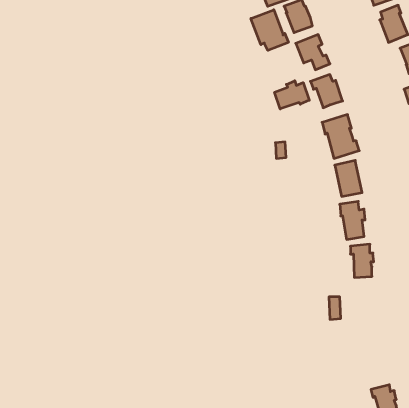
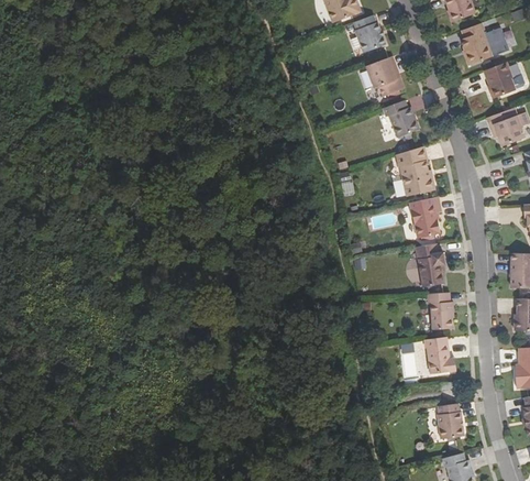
building: [251,10,288,50] -> none
building: [275,81,309,109] -> none
building: none -> [426,336,454,373]
building: none -> [437,403,464,439]

